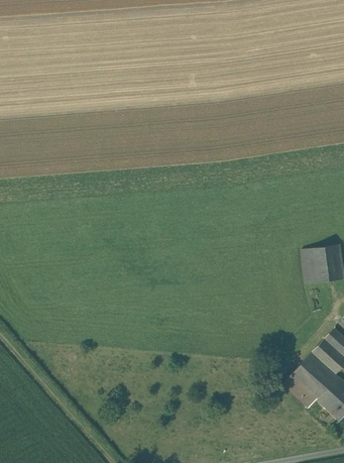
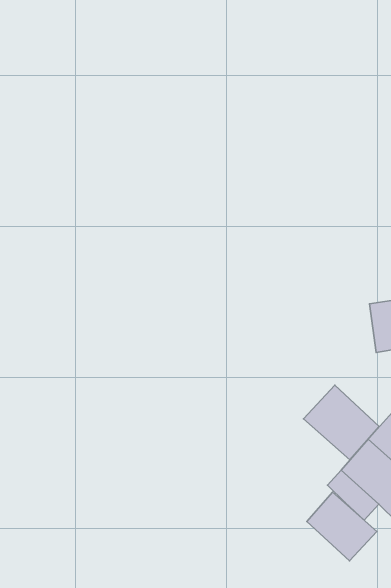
building: none -> [303,385,379,460]
building: none -> [307,492,377,561]

